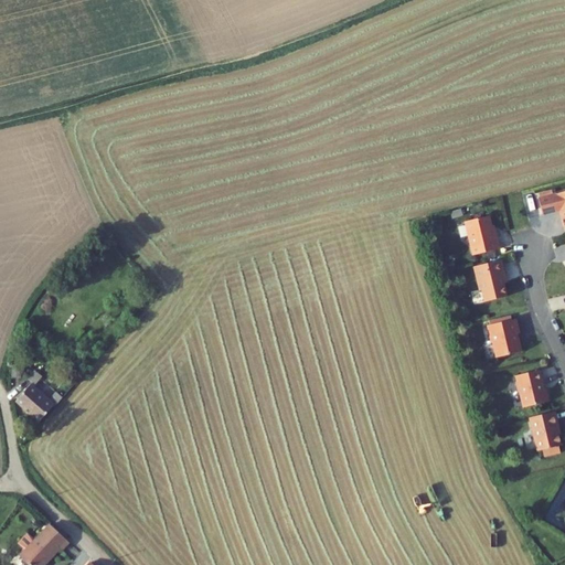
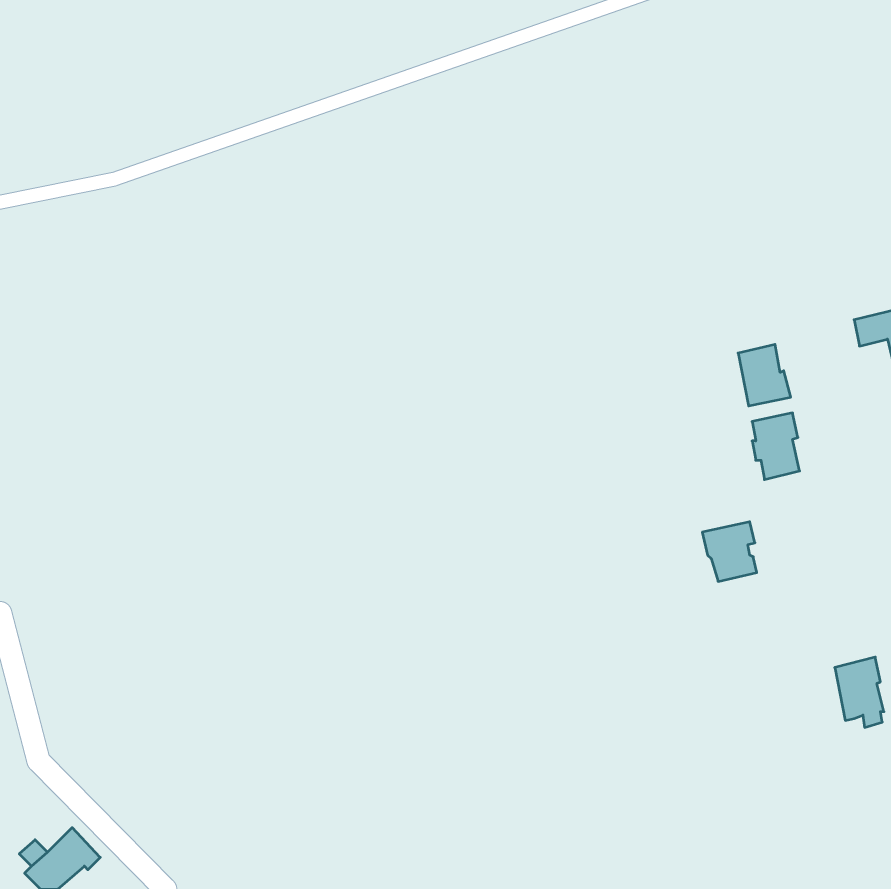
building: [486,320,520,358] -> [702,522,757,581]
building: [515,371,548,408] -> none
building: [20,381,66,420] -> none

